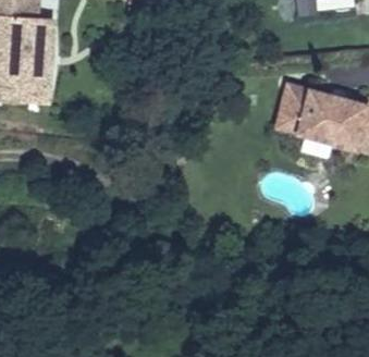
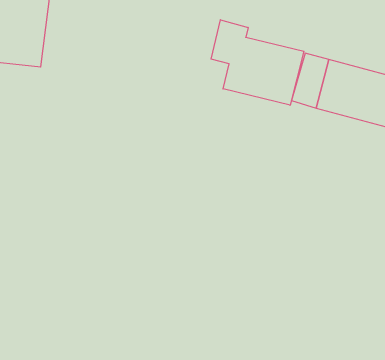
building: none -> [211,20,304,105]

